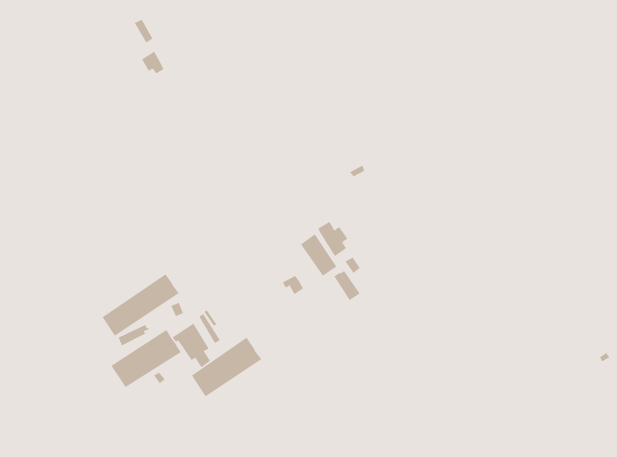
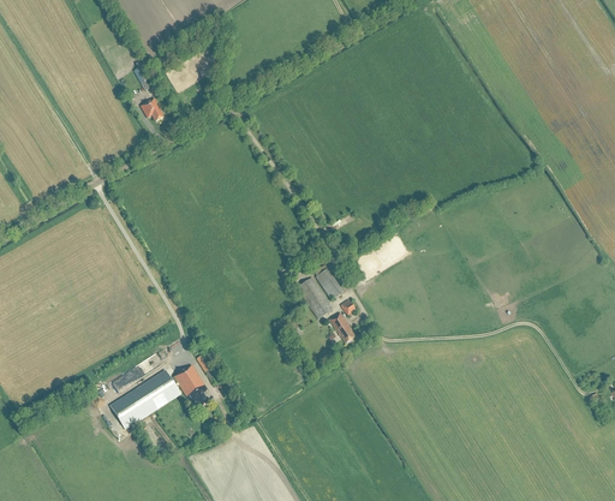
building: [102,273,179,337] -> none
building: [191,337,262,397] -> none

